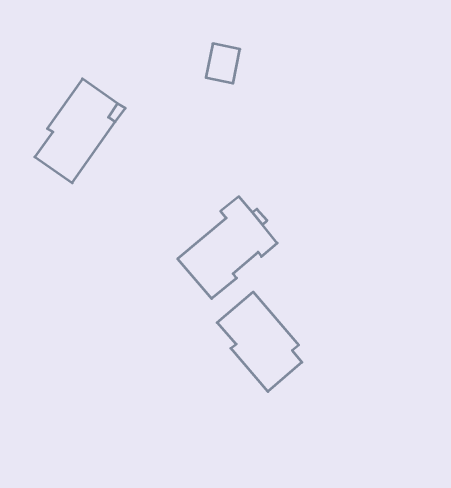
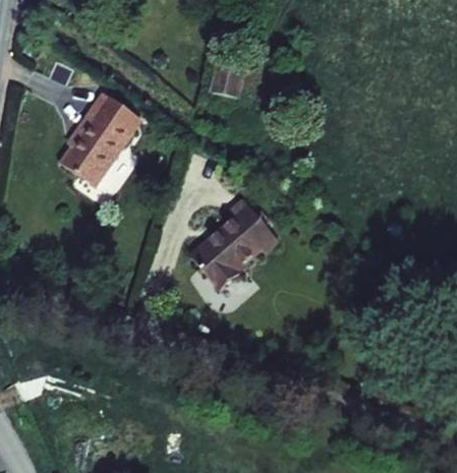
building: [217,292,302,392] -> none

